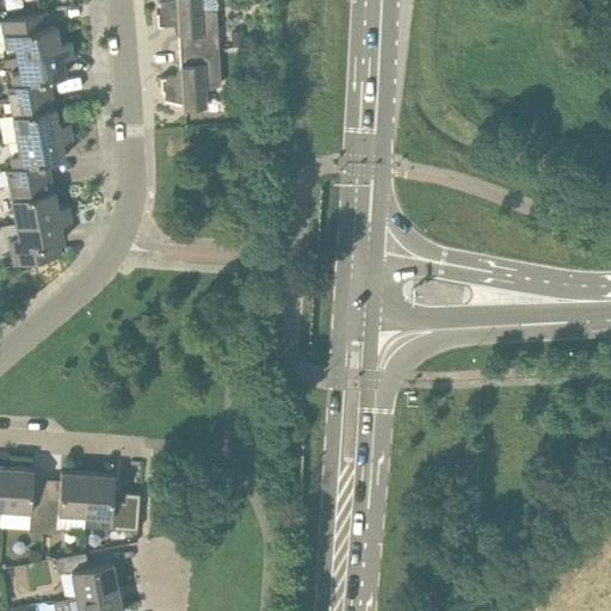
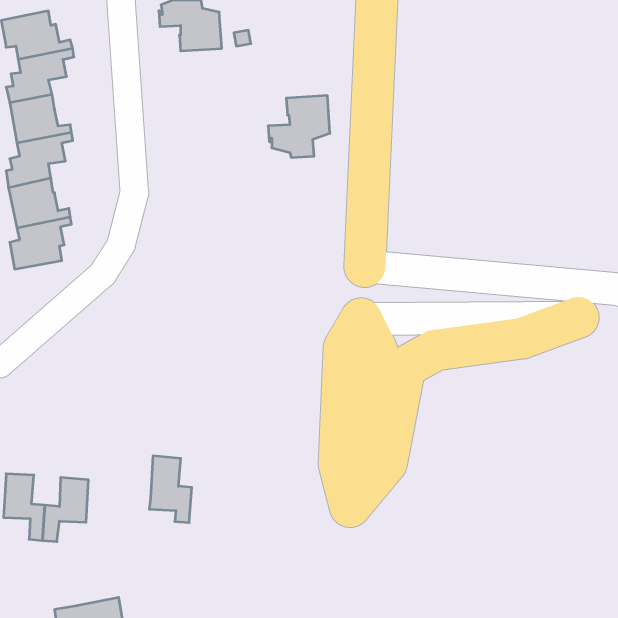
building: [161,49,222,110] -> [268,96,330,157]
building: [85,474,126,539] -> [149,456,192,523]
building: [56,554,118,598] -> none

